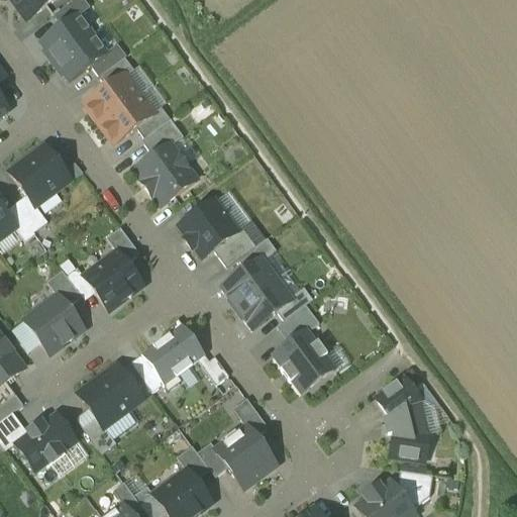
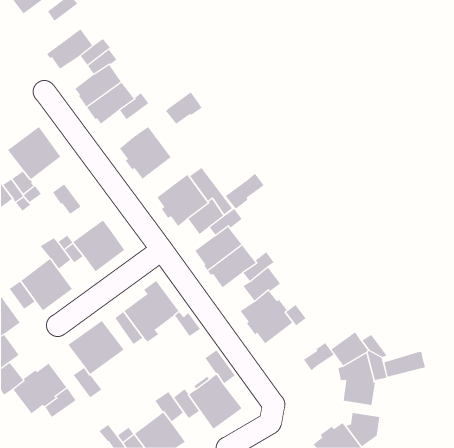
building: [40,13,92,62] -> none
building: [140,117,183,154] -> [165,91,203,124]
building: none -> [225,173,265,210]
building: [106,226,139,262] -> [52,183,81,215]
building: none -> [303,342,334,371]
building: none -> [384,351,426,377]

